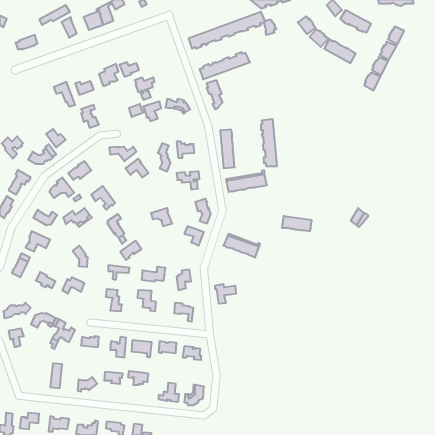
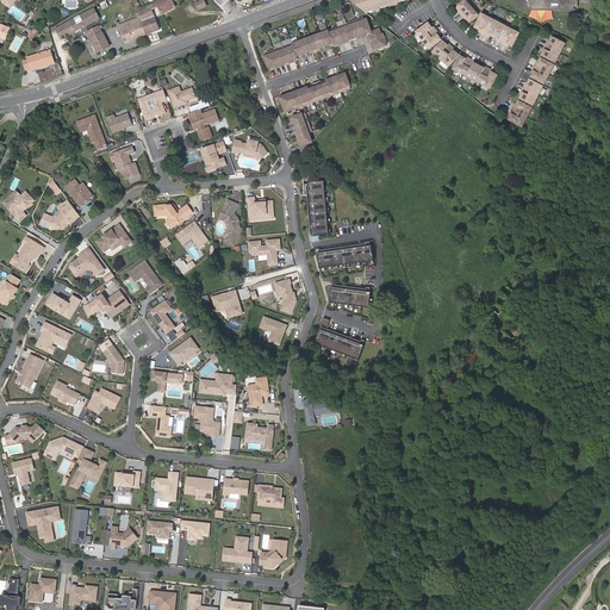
building: [261,119,277,167] -> none
building: [282,216,312,231] -> [328,286,369,307]
building: none -> [25,505,58,535]

